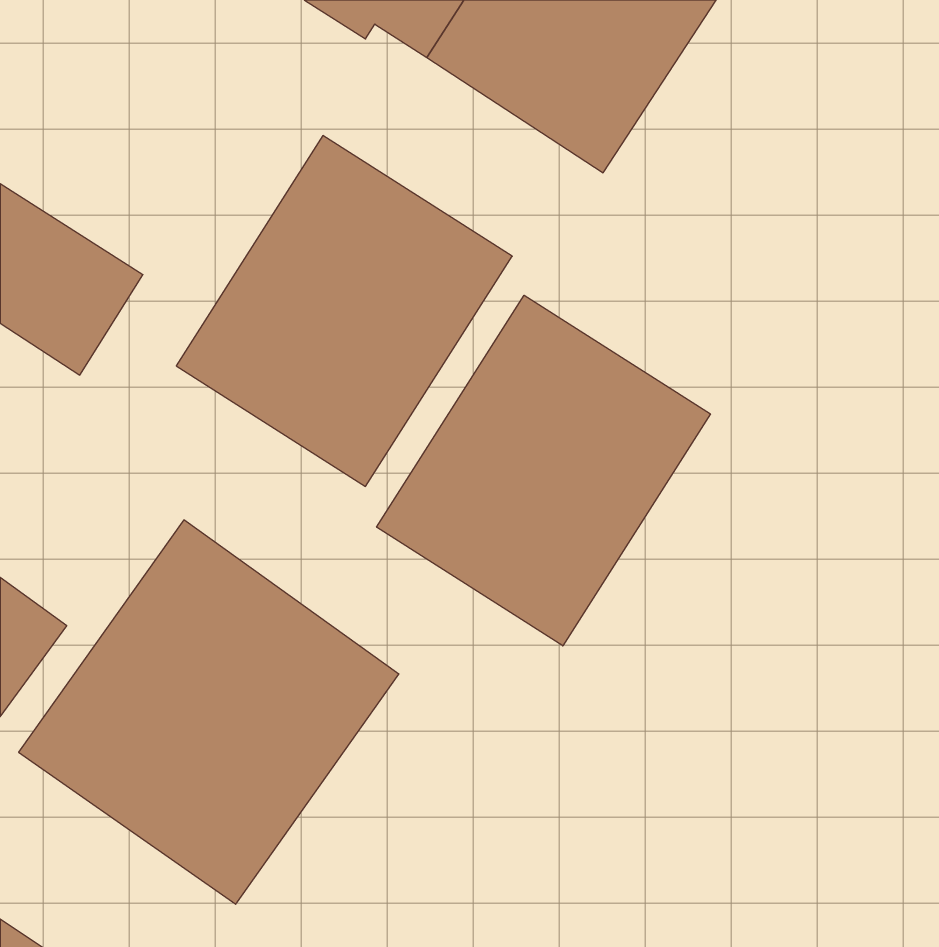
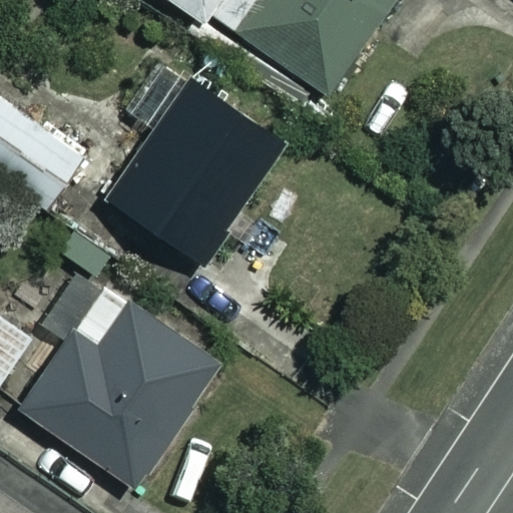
building: [377,295,710,646] -> none

